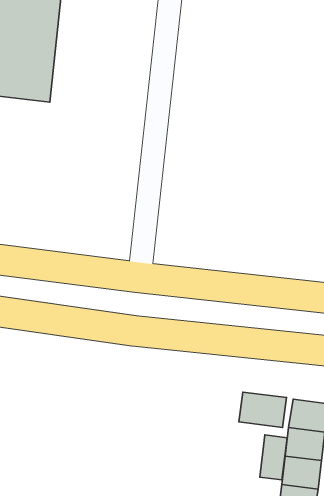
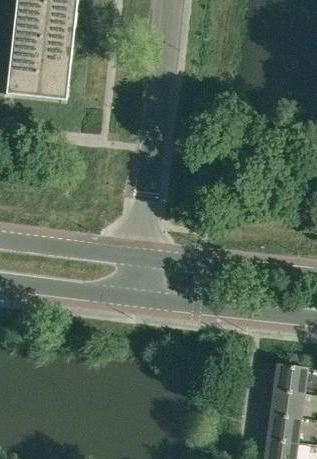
building: [239,392,286,427] -> none
building: [260,435,287,480] -> none

